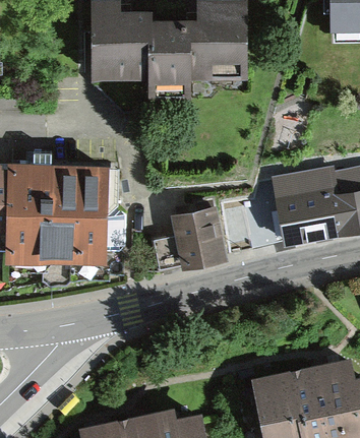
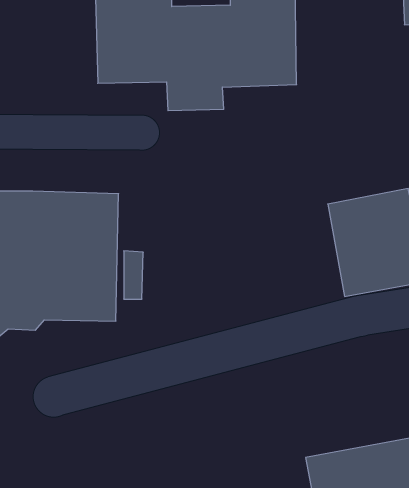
building: [152,209,228,273] -> none

